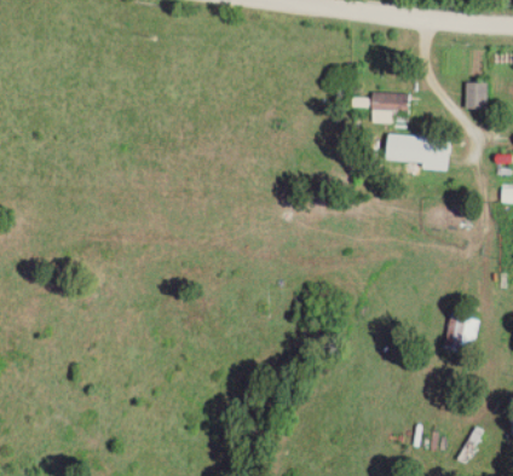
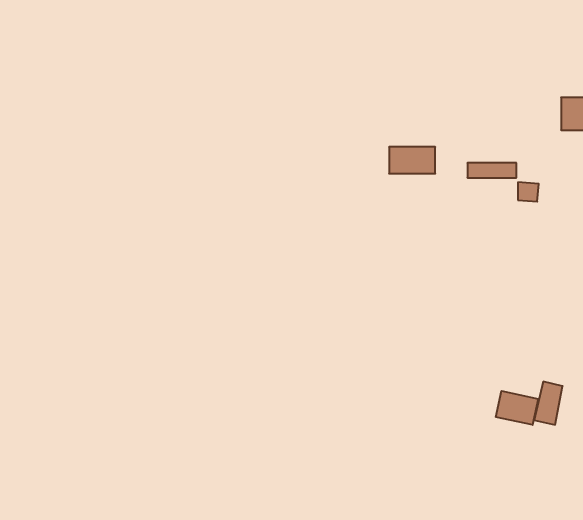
building: [373,93,410,115] -> [389,147,435,174]
building: none -> [496,391,538,425]

